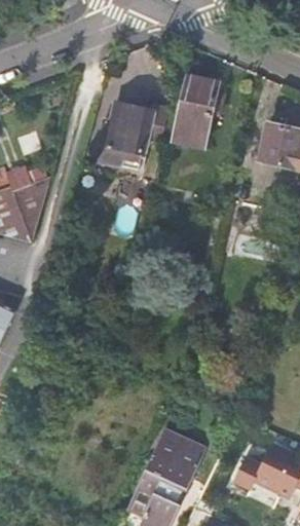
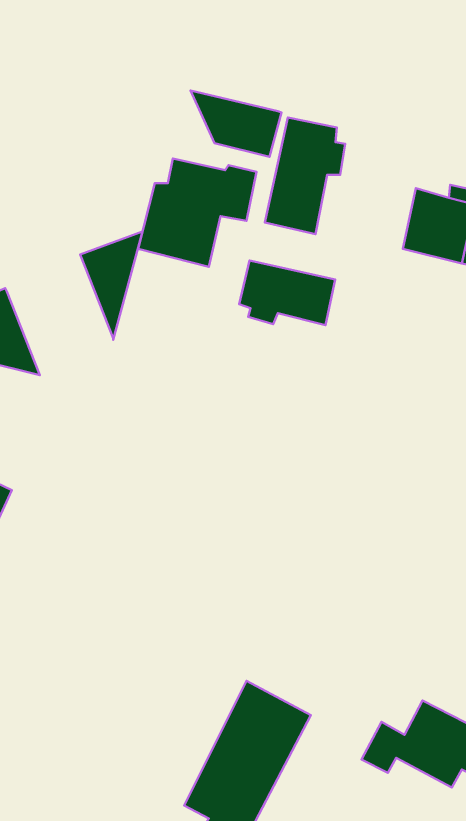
building: none -> [191,90,281,157]
building: none -> [239,261,335,325]
building: [11,173,50,240] -> [80,231,143,340]

